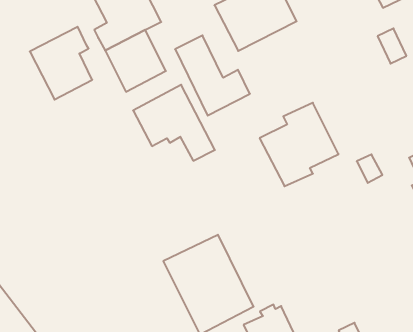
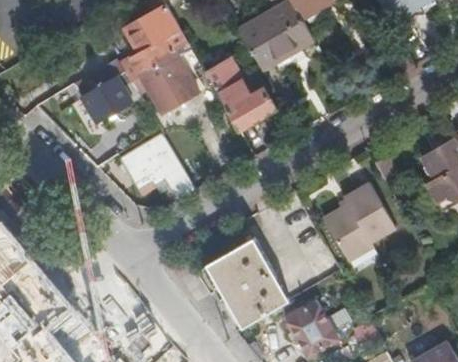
building: [133,85,215,161] -> [119,133,195,201]
building: [260,103,339,186] -> [323,183,395,260]

